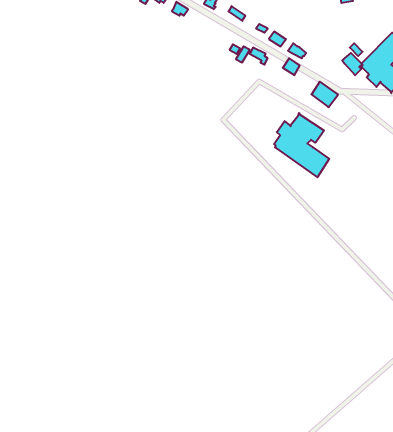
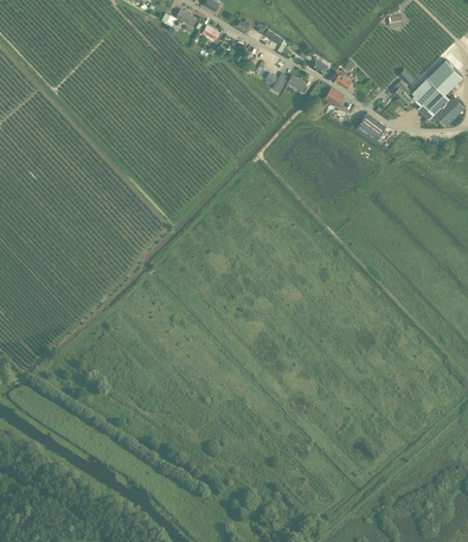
building: [274,113,329,177] -> none

